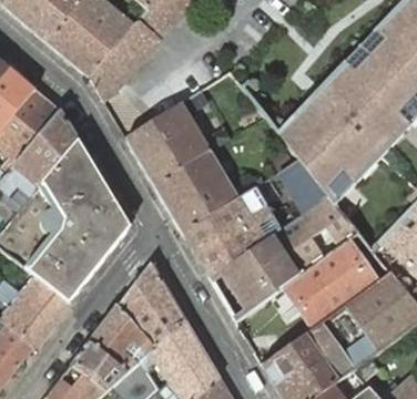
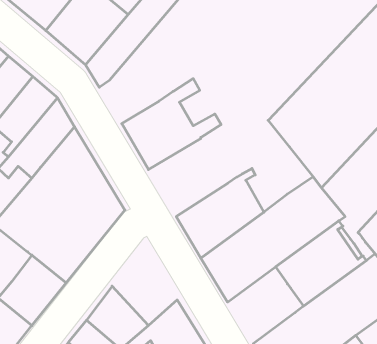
building: [155,153,247,234] -> none
building: [278,162,326,211] -> none
building: [118,263,185,347] -> none

